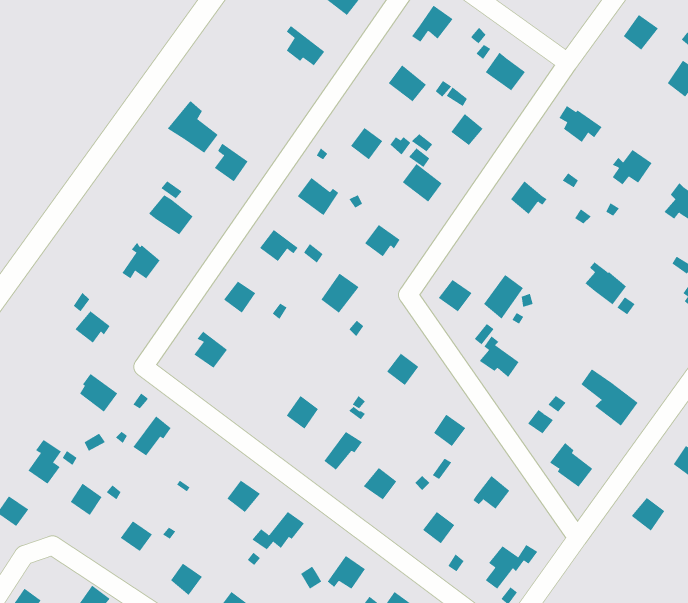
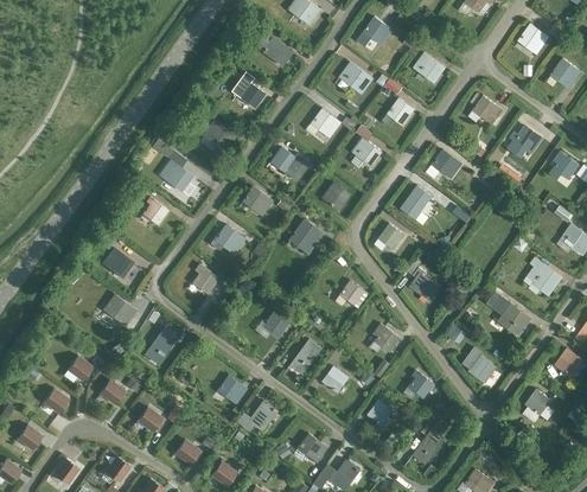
building: [167,100,219,154] -> [228,69,267,109]
building: [585,261,627,305] -> [528,260,560,293]
building: [483,274,524,319] -> [401,186,432,221]

